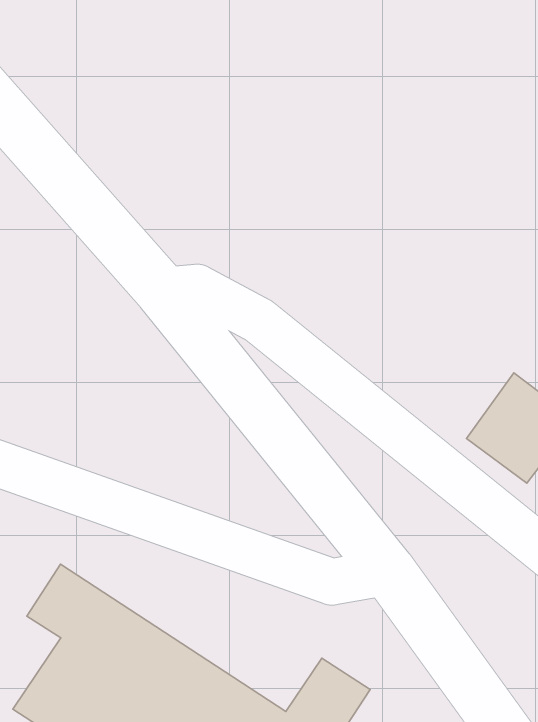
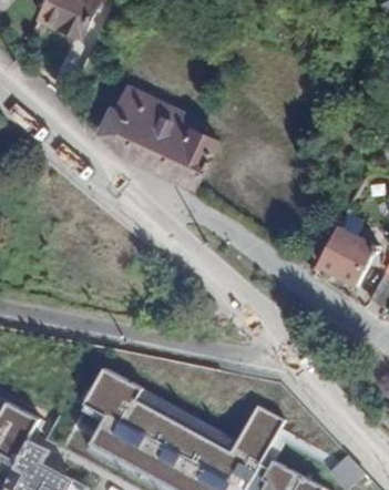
building: none -> [100,88,217,197]

